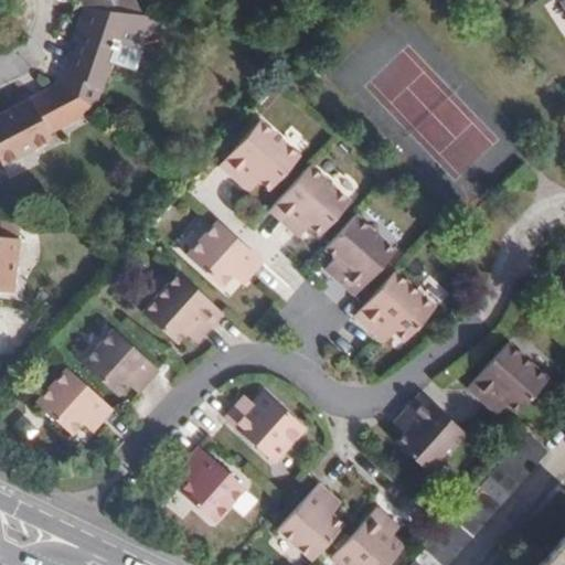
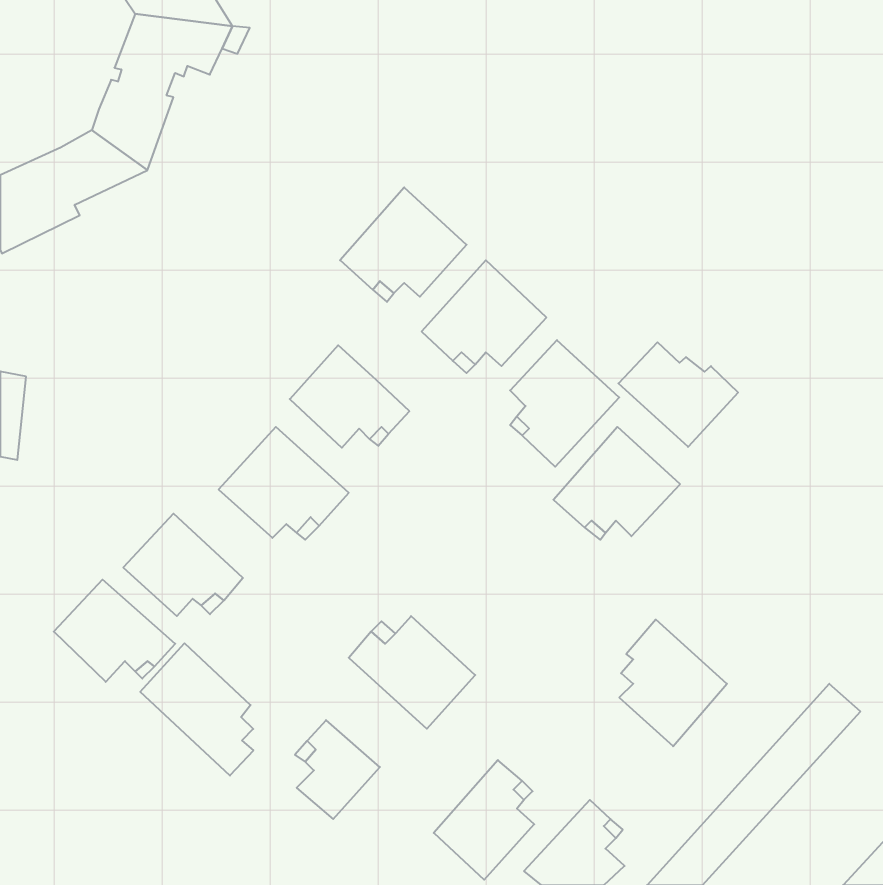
building: none -> [618,342,738,447]
building: [468,344,547,413] -> none
building: none -> [140,643,253,776]

